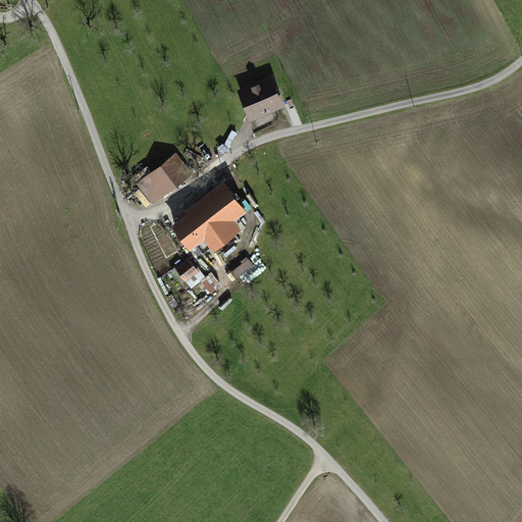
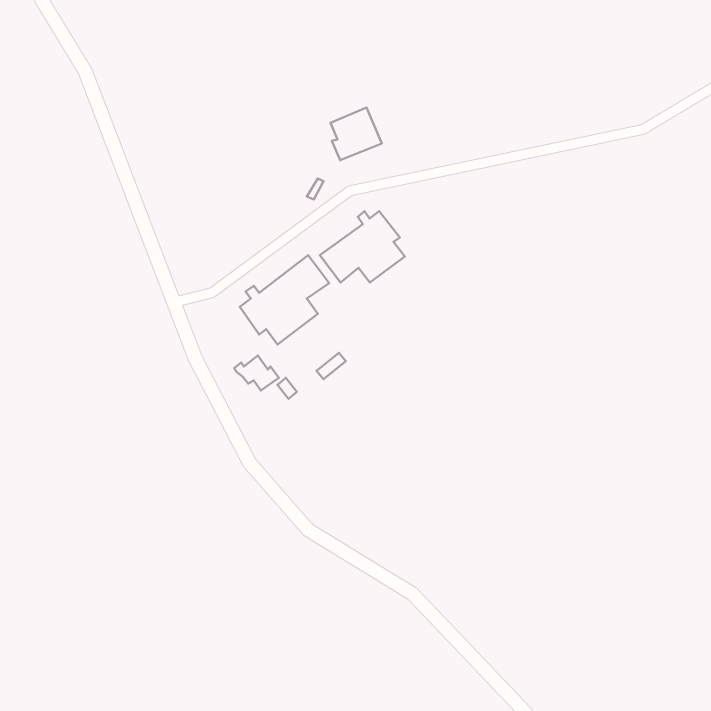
building: none -> [320,211,405,283]
building: [140,156,191,202] -> none

